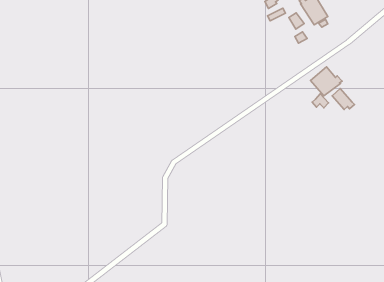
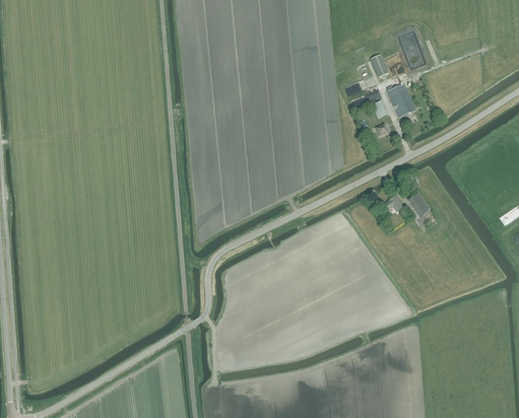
building: [311,67,342,96] -> none

